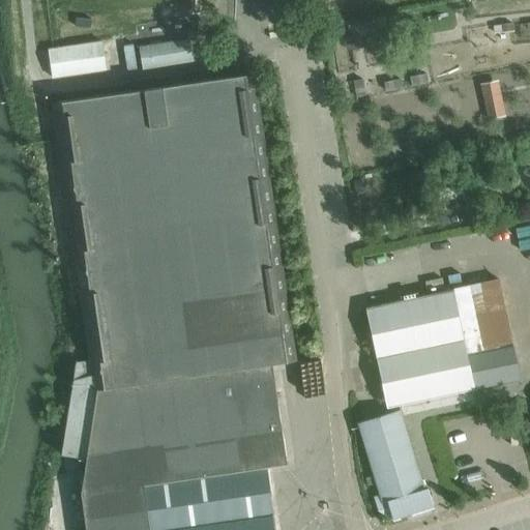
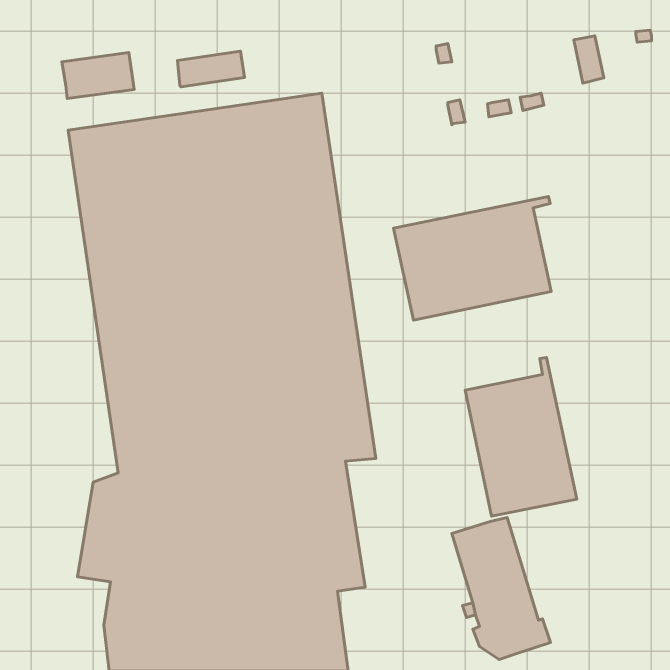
building: [482,83,506,120] -> [574,36,604,83]
building: none -> [394,197,551,320]
building: [432,278,522,394] -> none

